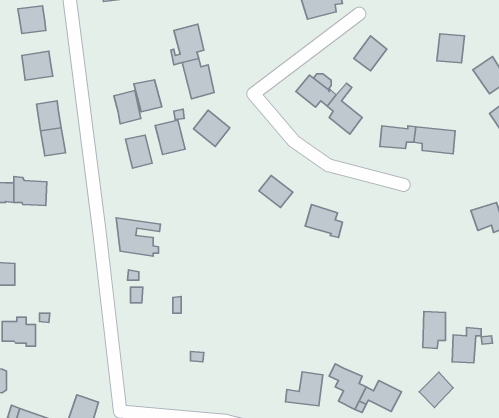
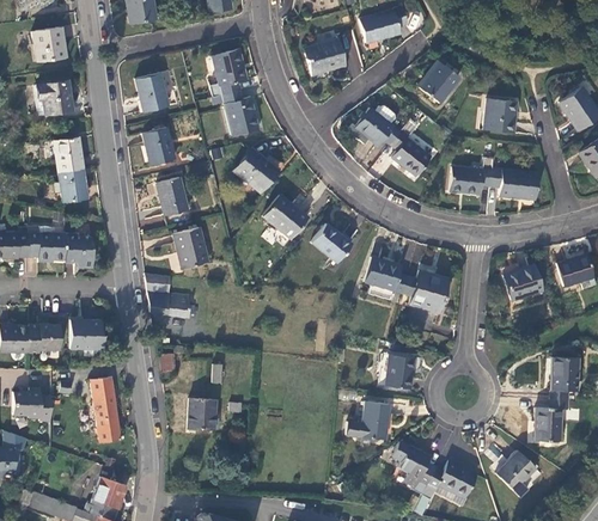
building: none -> [304,39,344,73]
building: [437,34,465,63] -> [484,98,517,131]
building: [134,80,162,112] -> [136,73,169,110]
building: [155,120,185,154] -> [173,227,208,266]
building: none -> [263,195,307,238]
building: none -> [65,231,93,266]
building: none -> [501,264,542,299]
building: none -> [403,271,450,314]
building: none -> [68,320,103,349]
building: none -> [29,323,59,351]
building: none -> [384,354,414,390]
building: none -> [91,376,120,441]
building: [423,311,446,349] -> [551,357,578,400]
building: none -> [189,398,220,429]
building: [286,372,323,406] -> [347,400,390,440]

